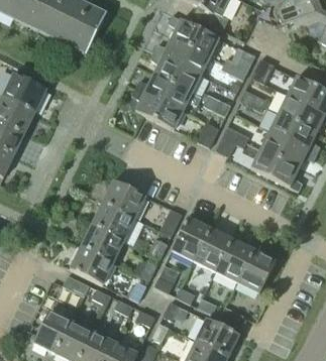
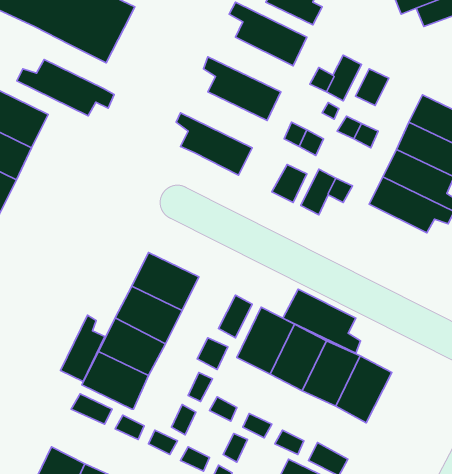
building: [153,36,210,73] -> none
building: [135,73,200,110] -> [17,60,114,116]
building: [250,147,302,190] -> [283,289,360,353]
building: none -> [61,315,105,382]

